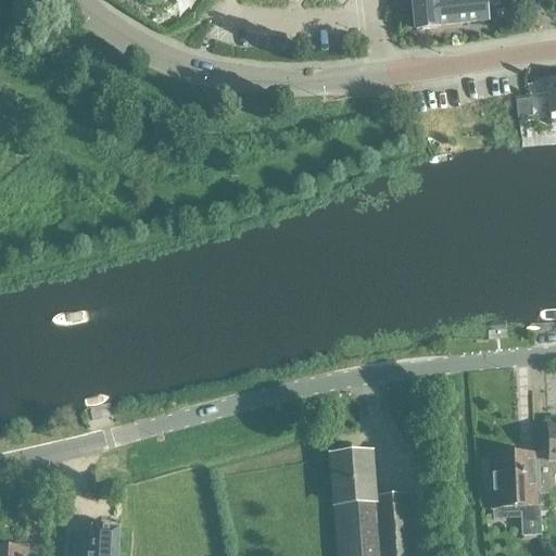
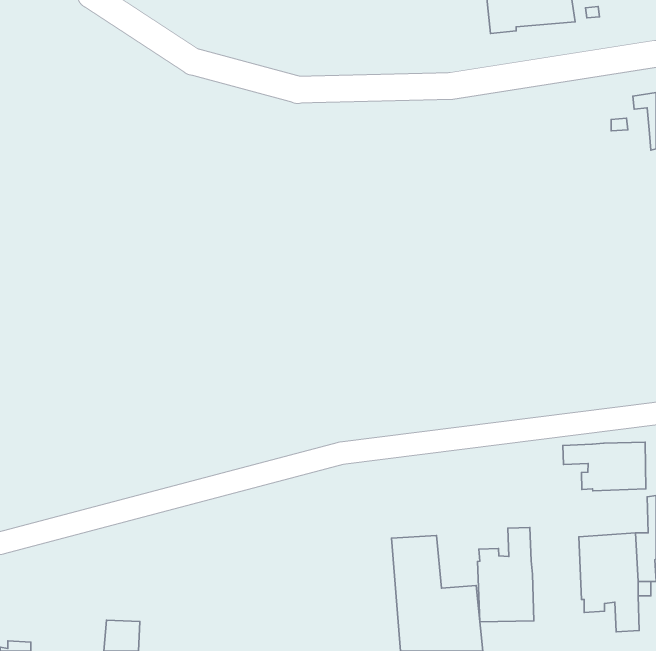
building: none -> [563,442,646,491]
building: none -> [477,528,534,622]

